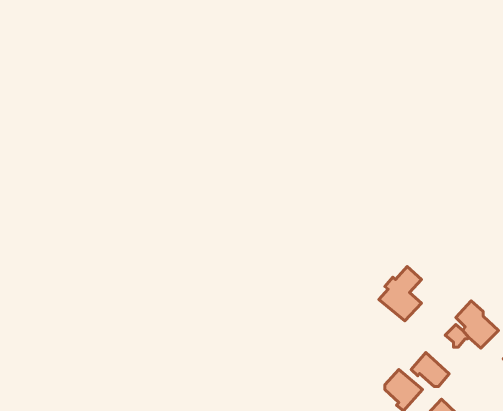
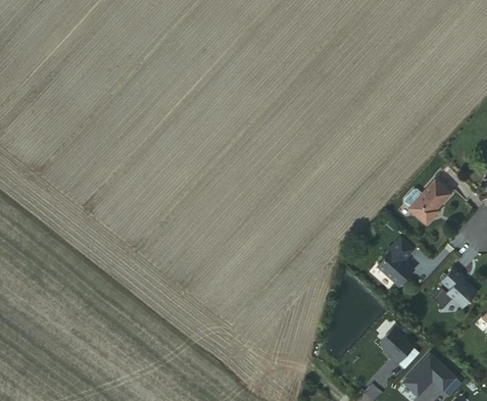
building: none -> [405,182,451,227]
building: [411,353,449,386] -> none

